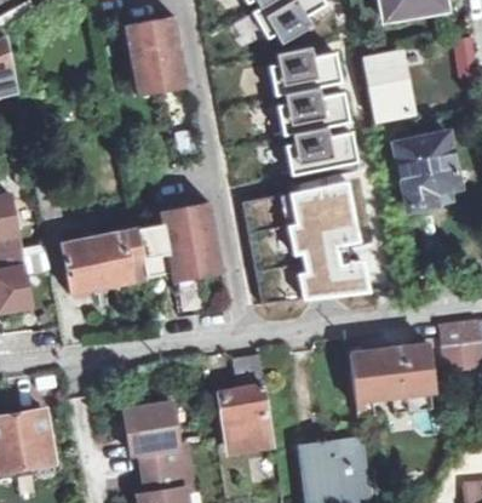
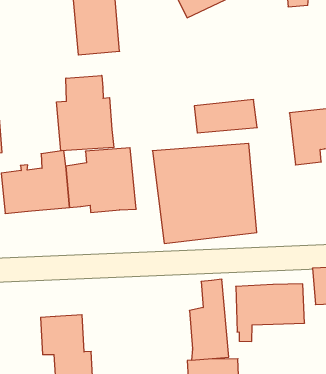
building: [365,51,409,119] -> none
building: [266,55,343,99] -> none
building: [275,92,352,138] -> none
building: none -> [57,75,114,151]
building: [222,354,272,452] -> [189,279,229,360]

